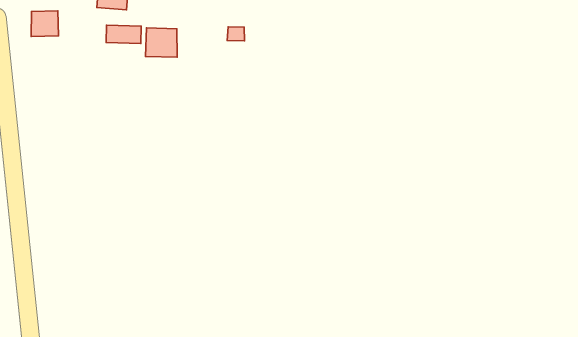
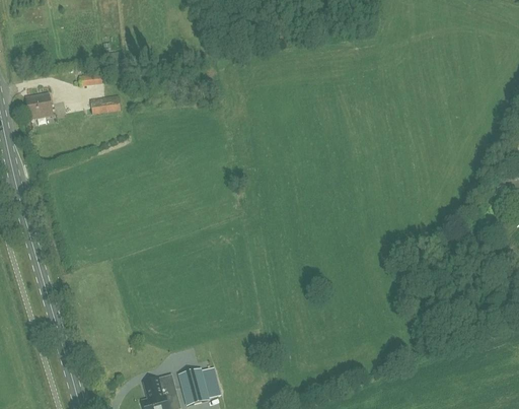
building: [145,28,177,57] -> none

